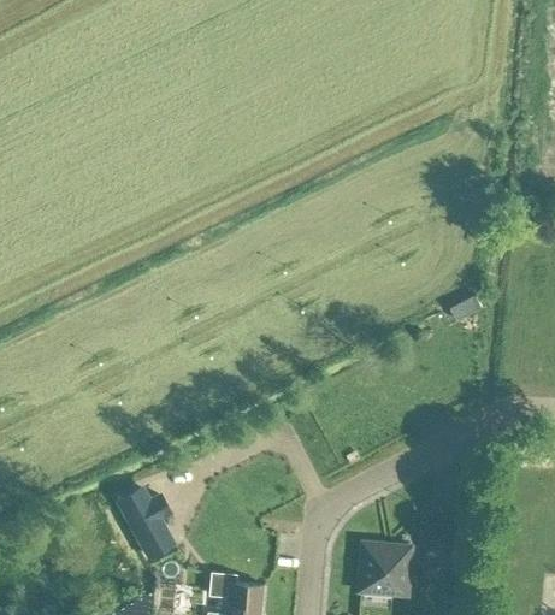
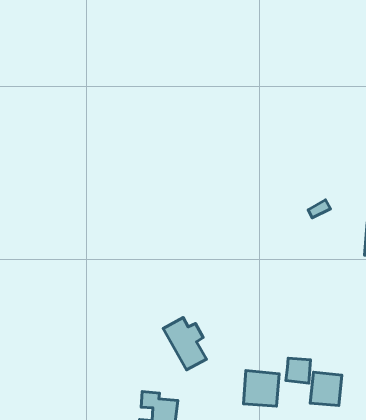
building: [114,485,177,561] -> [163,318,206,370]
building: none -> [310,372,342,405]

